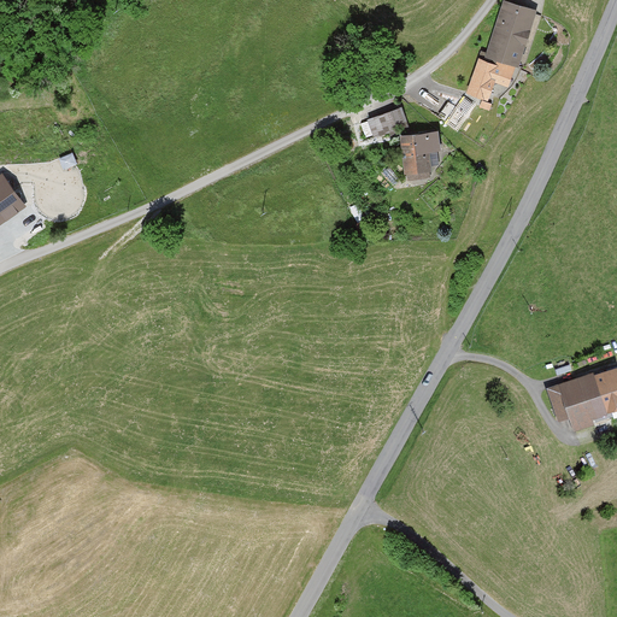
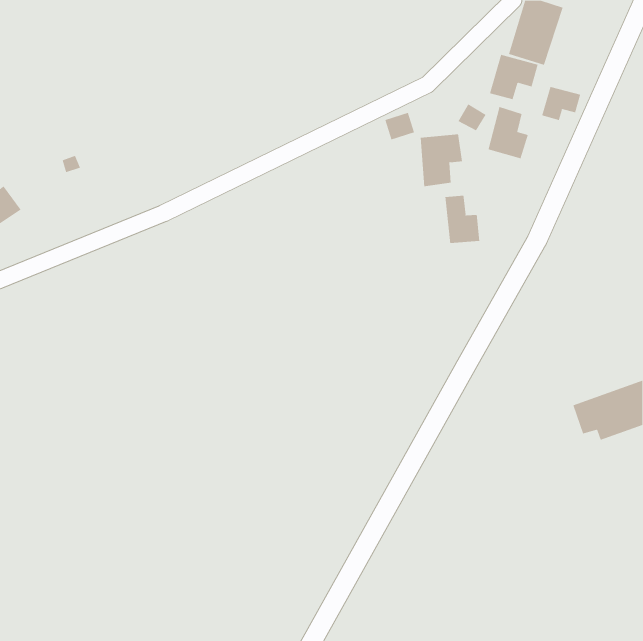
building: none -> [542,86,581,121]
building: none -> [488,106,528,159]
building: none -> [445,195,480,244]

